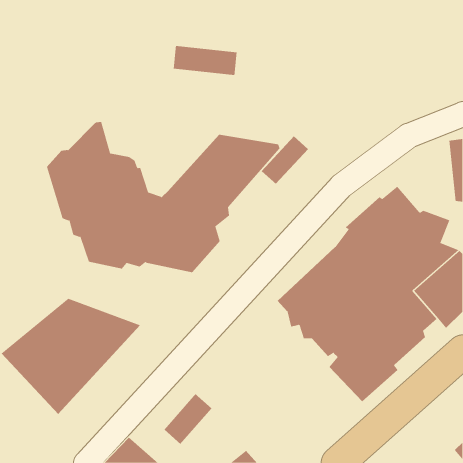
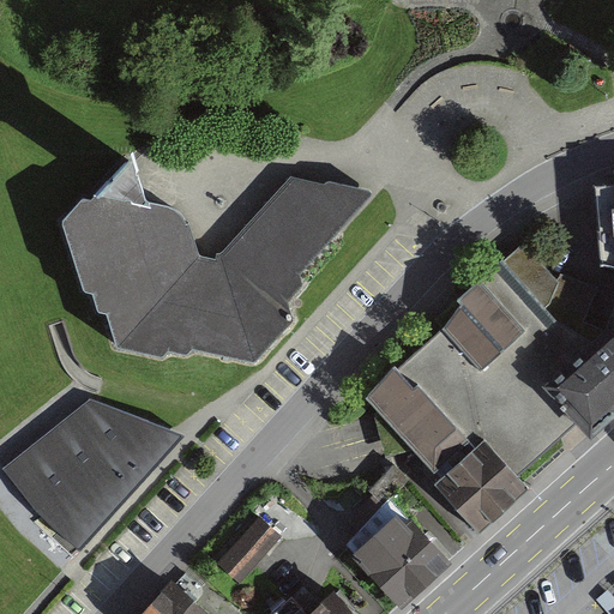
building: [173,45,237,76] -> none
building: [261,136,309,185] -> none
building: none -> [351,504,447,602]

